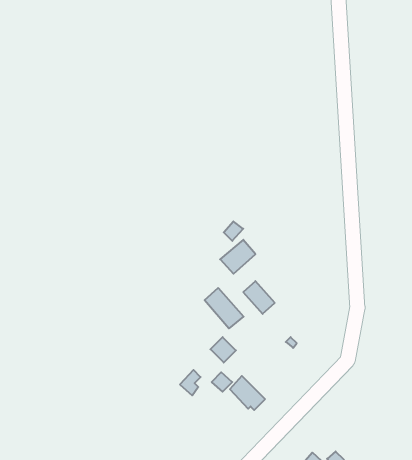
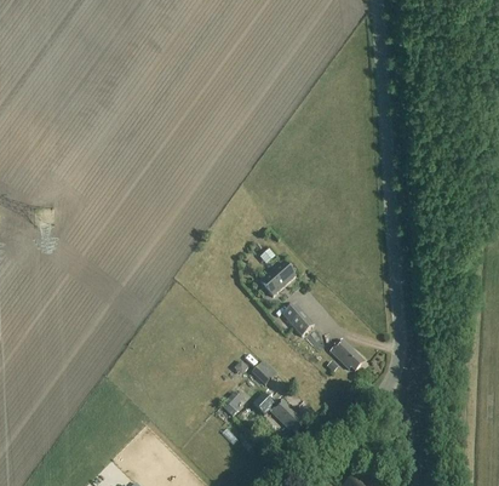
building: [205,288,244,328] -> none
building: none -> [329,339,363,372]

